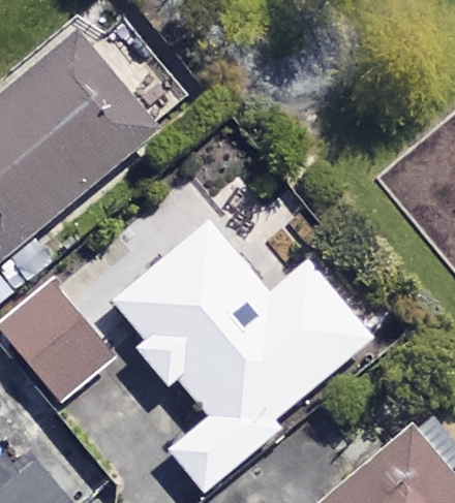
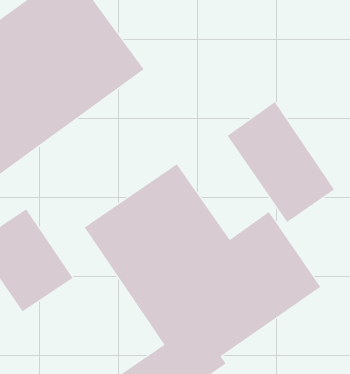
building: none -> [227,101,335,223]

